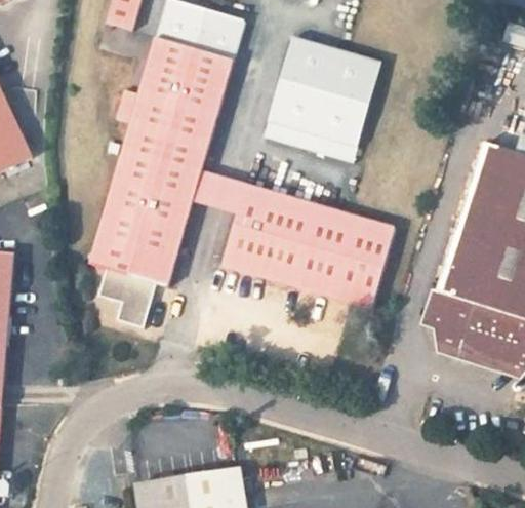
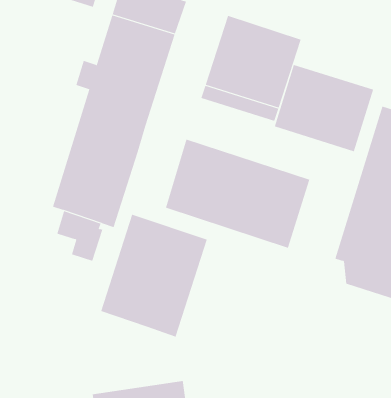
building: none -> [274,64,374,152]
building: [192,166,248,212] -> none
building: none -> [101,214,208,337]

